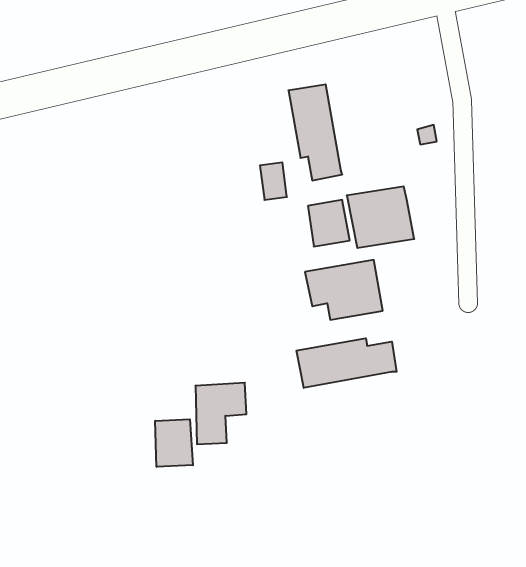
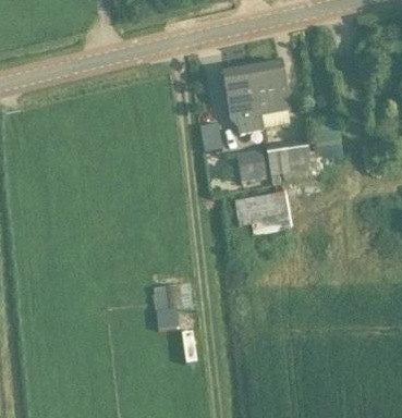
building: none -> [249,60,290,113]
building: [296,338,397,388] -> none
building: [155,419,193,467] -> none

